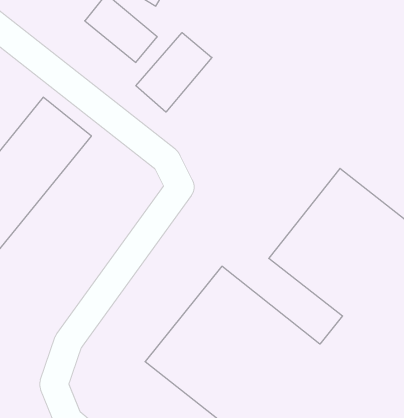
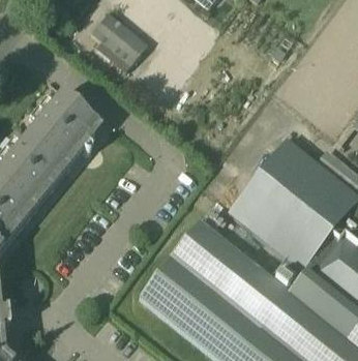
building: [136,33,212,112] -> none

